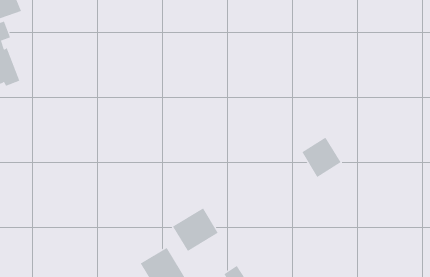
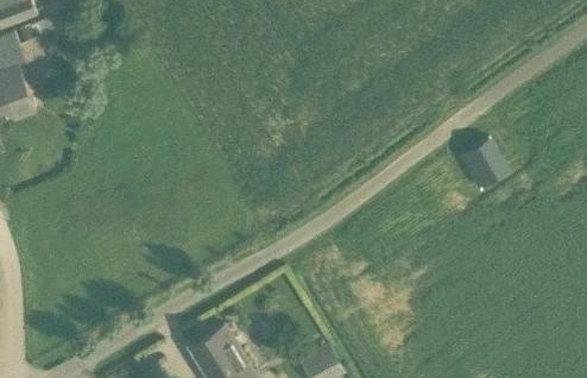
building: [301,137,341,178] -> [457,137,510,190]
building: [172,208,219,252] -> none

